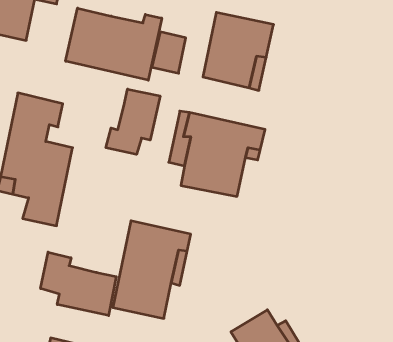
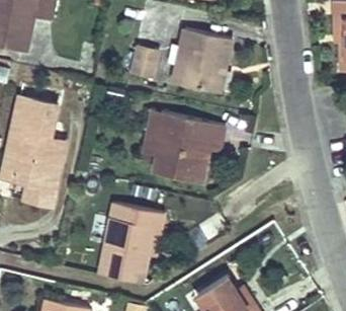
building: [66,8,162,80] -> none
building: [106,89,160,154] -> none
building: [41,252,116,316] -> none

